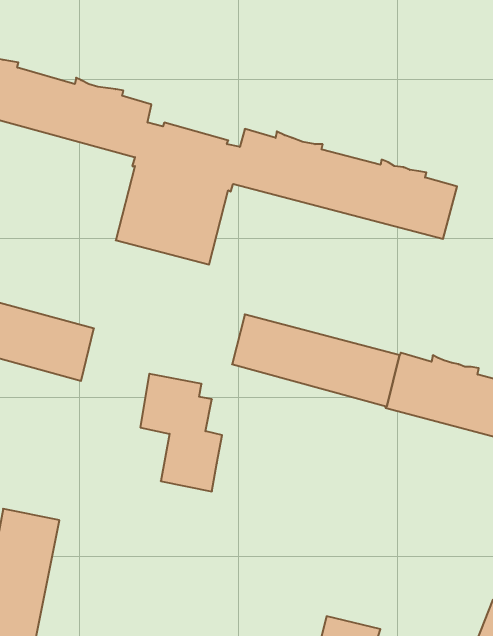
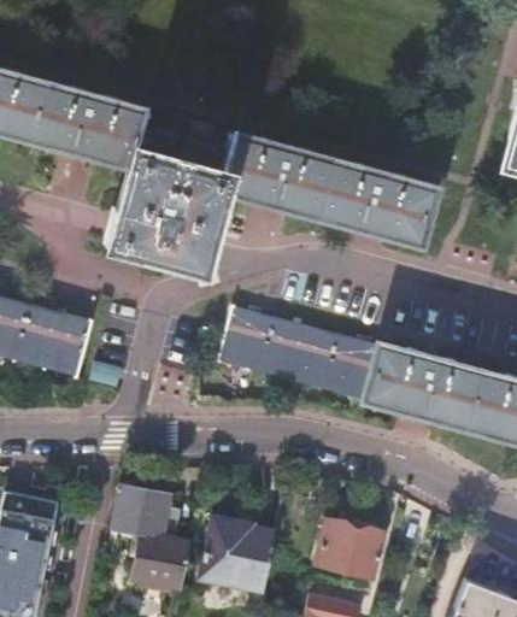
building: [140,374,222,491] -> [111,486,188,597]
building: none -> [200,516,275,590]
building: none -> [316,519,384,594]

